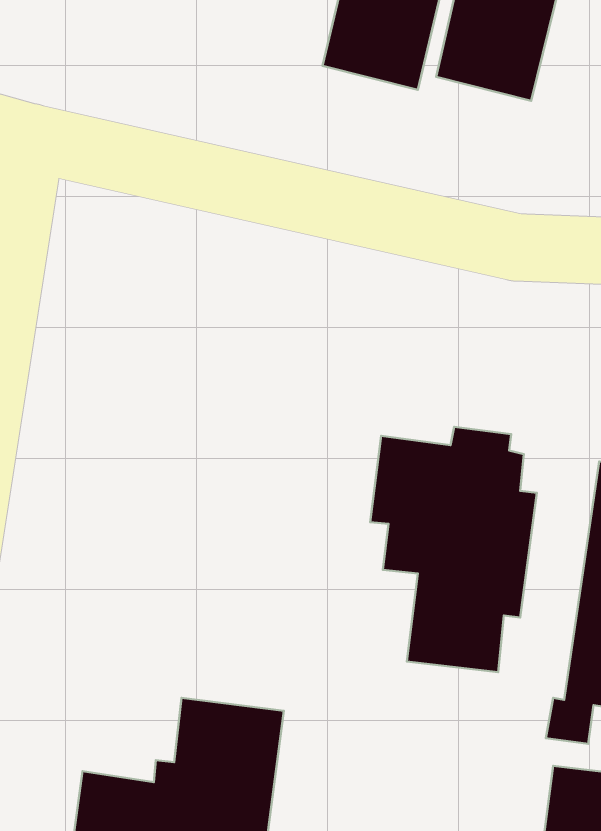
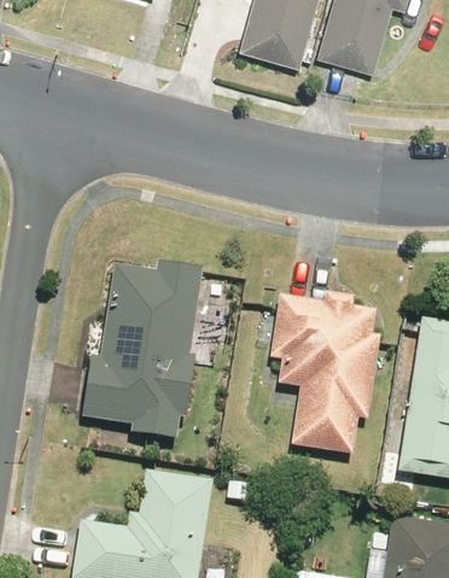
building: none -> [82,263,199,436]

